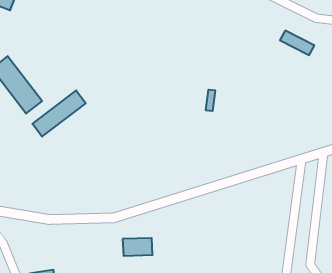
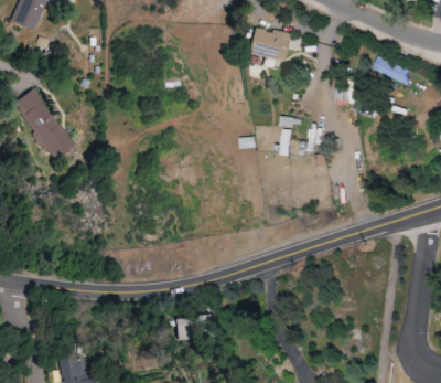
building: none -> [250,28,290,58]
building: [32,90,86,137] -> none

